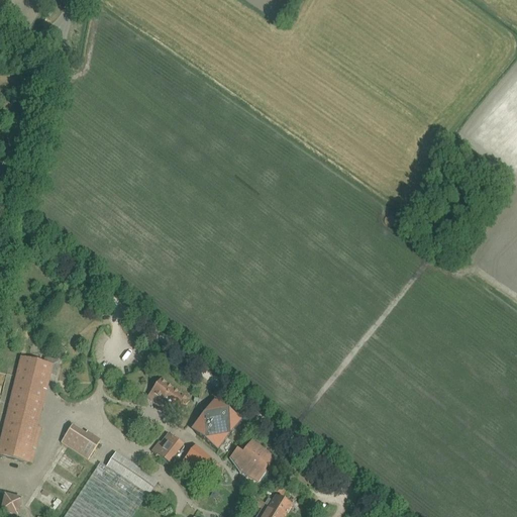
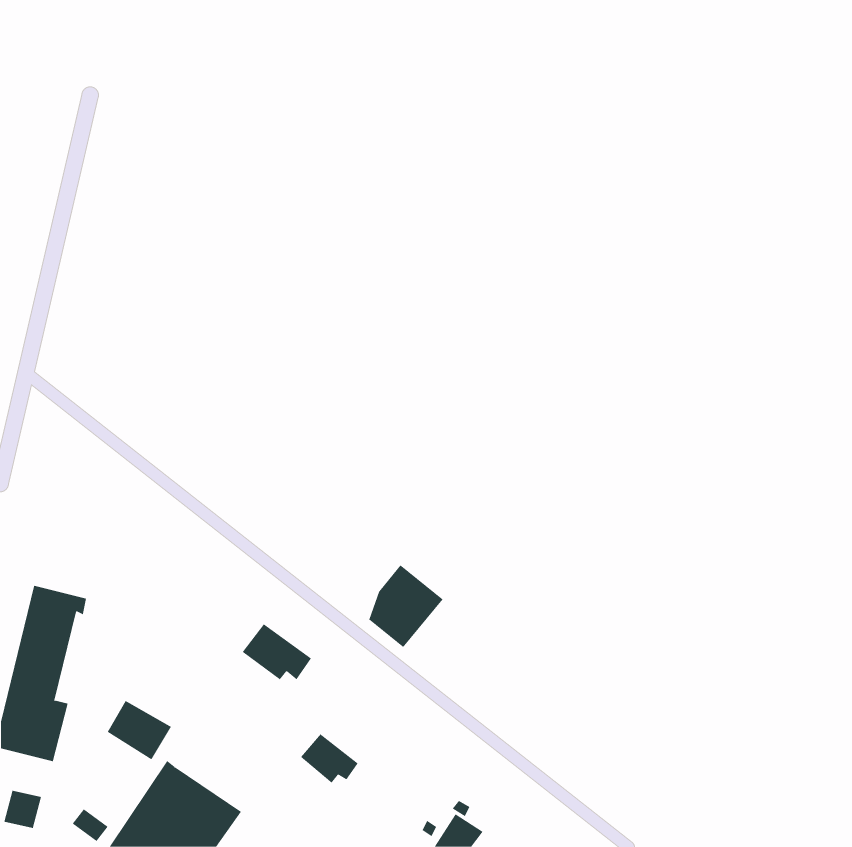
building: [196,398,241,448] -> [368,564,443,648]
building: [150,433,188,464] -> none
building: [229,440,273,480] -> none
building: [106,450,159,493] -> none

